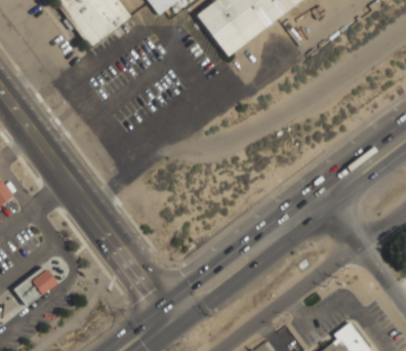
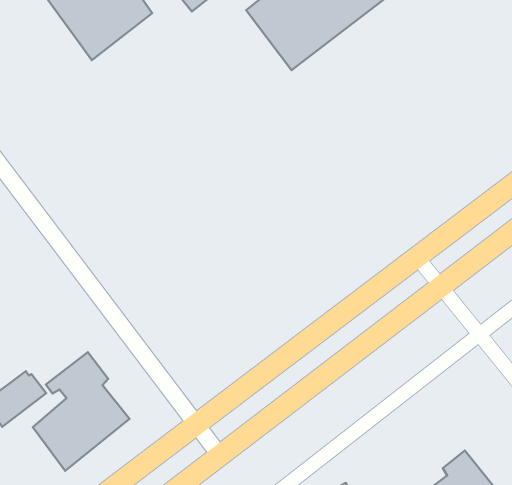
building: none -> [33,352,130,471]

